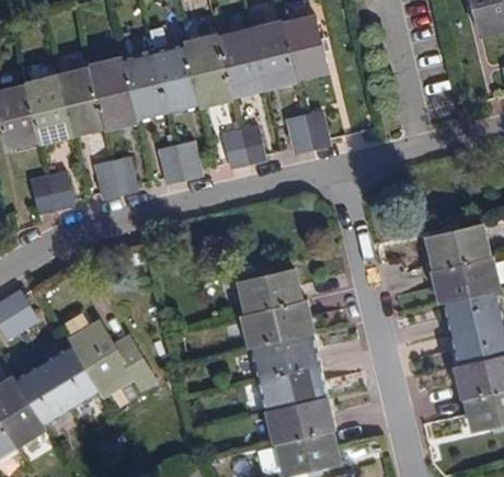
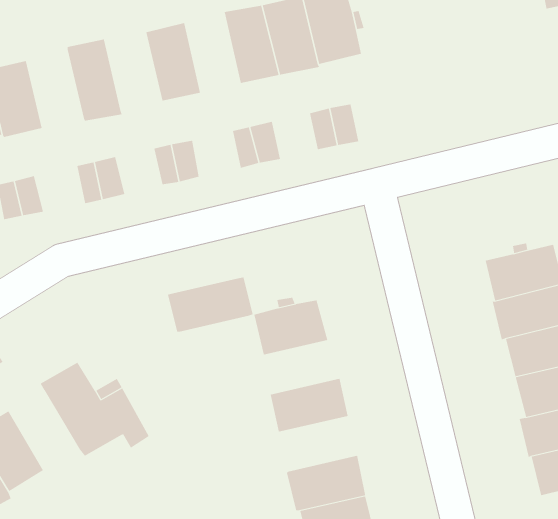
building: [184,37,230,106] -> none
building: [119,55,165,118] -> none
building: [56,69,102,133] -> none
building: [243,304,313,349] -> [167,277,254,332]
building: [42,345,99,410] -> none
building: [260,366,324,411] -> none

